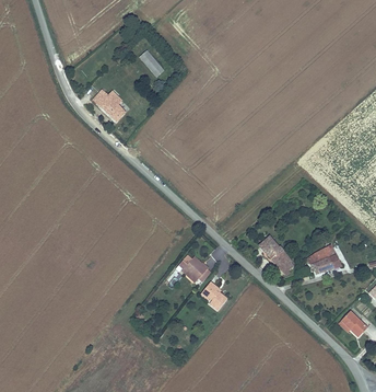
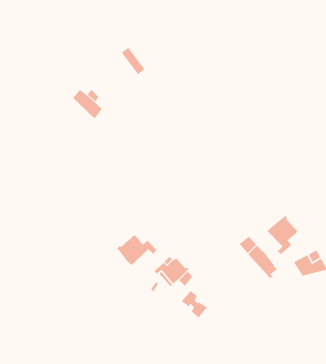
building: none -> [267,214,298,255]
building: none -> [115,234,157,266]

